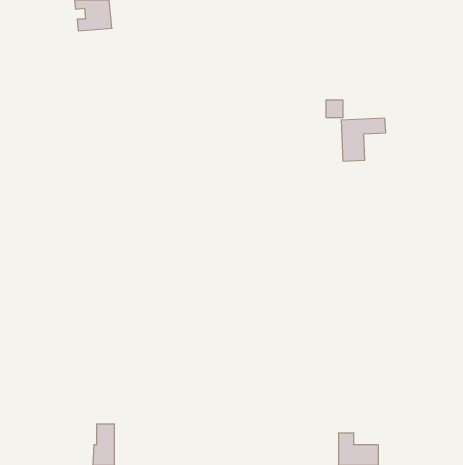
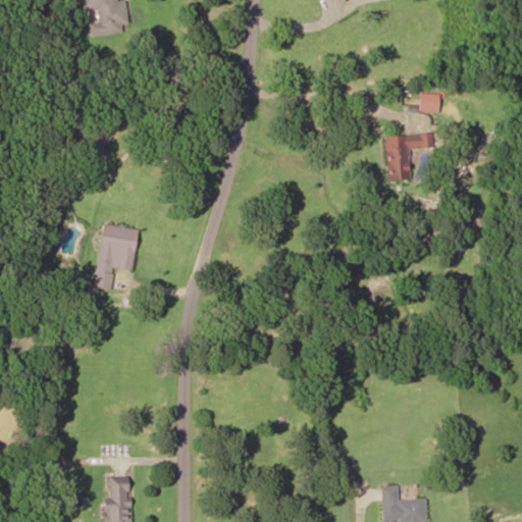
building: [326,100,343,118] -> [419,93,438,112]
building: none -> [95,224,138,289]

